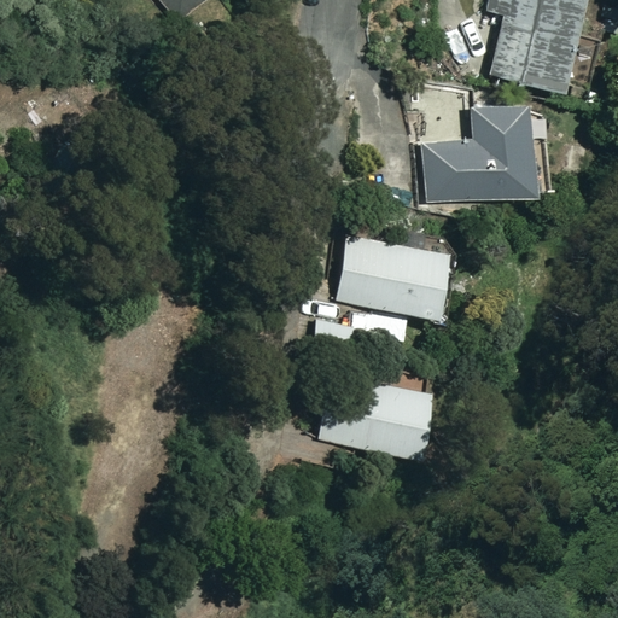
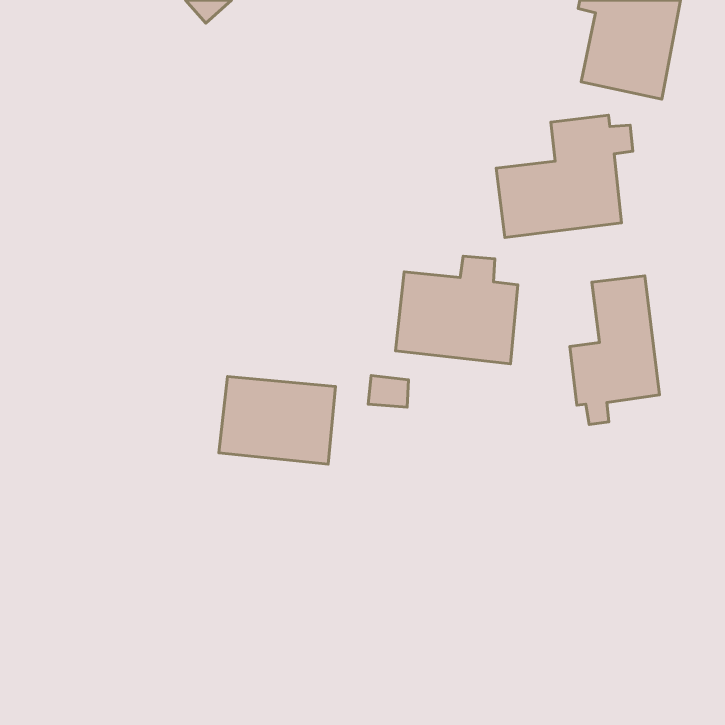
building: none -> [570,276,660,425]
building: [322,375,420,449] -> [219,376,335,464]

